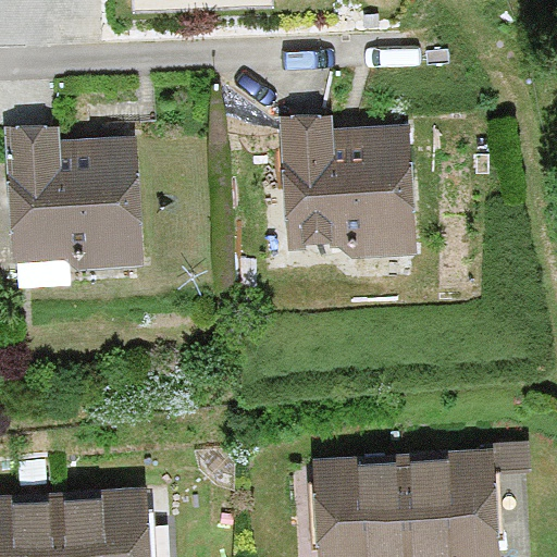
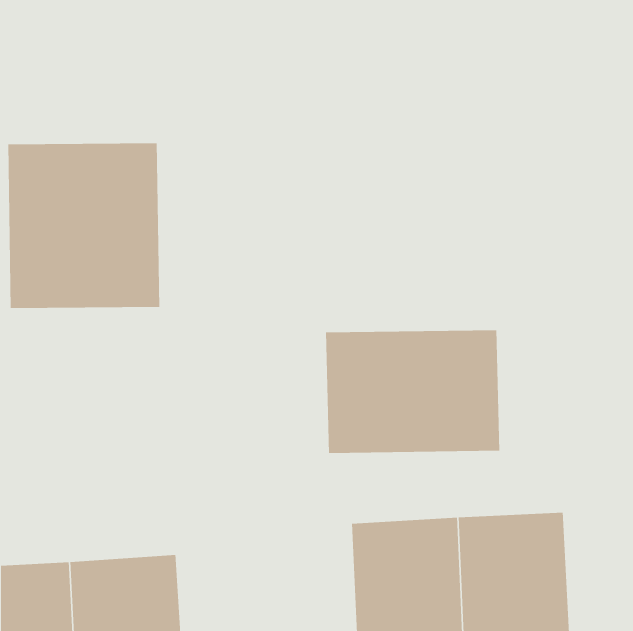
building: [282,113,413,259] -> none
building: none -> [325,329,500,454]

